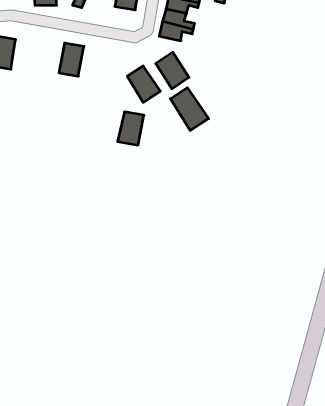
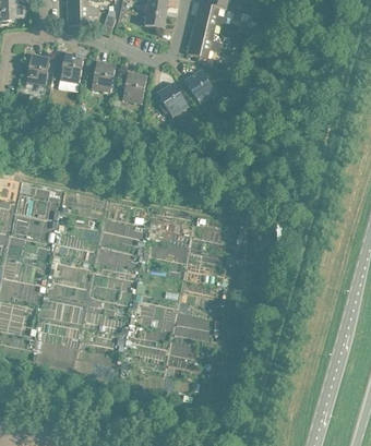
building: none -> [59,51,83,83]
building: [170,88,209,130] -> none
building: [118,112,144,145] -> [121,71,146,103]

